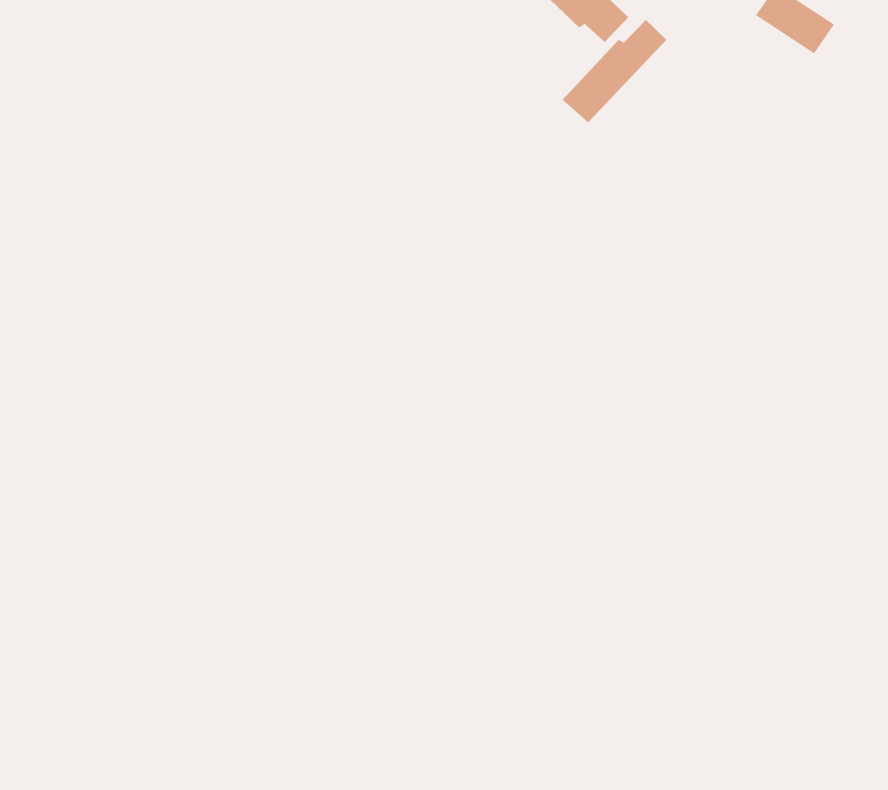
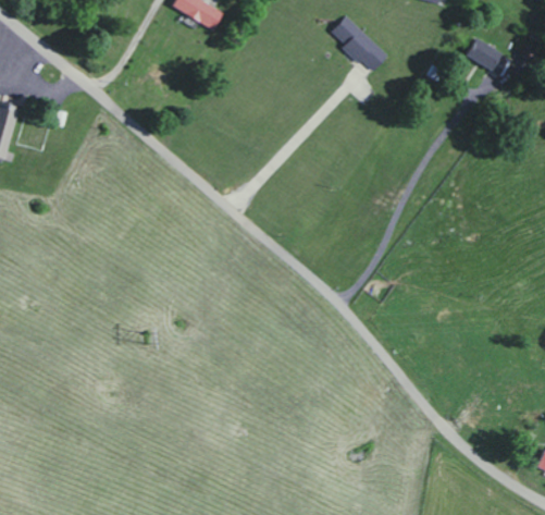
building: [562,19,667,123] -> none

